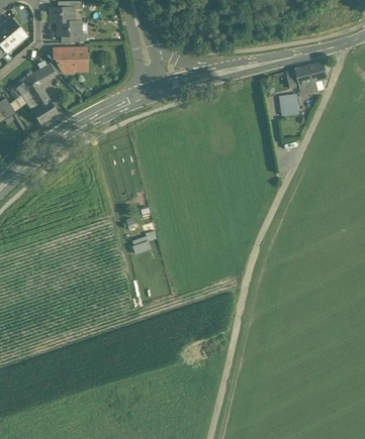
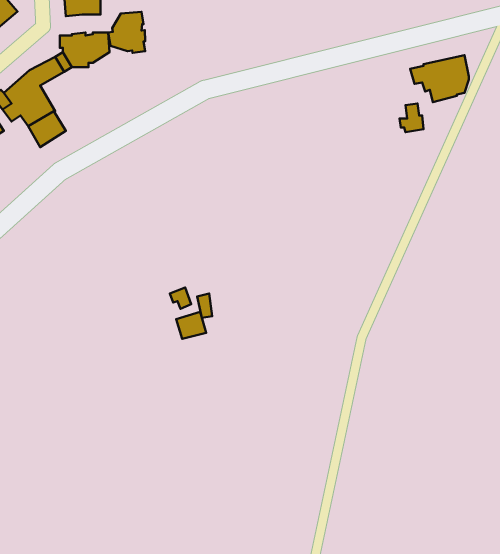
building: none -> [108,12,145,53]

